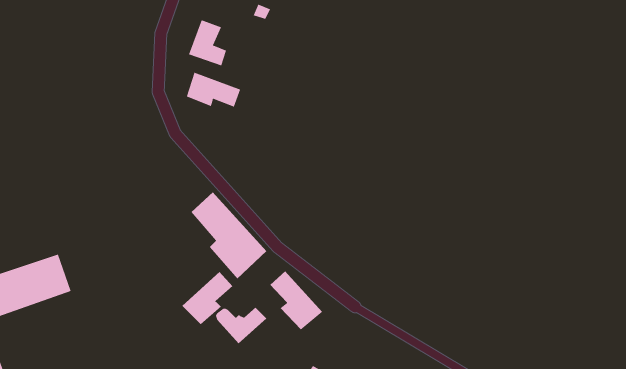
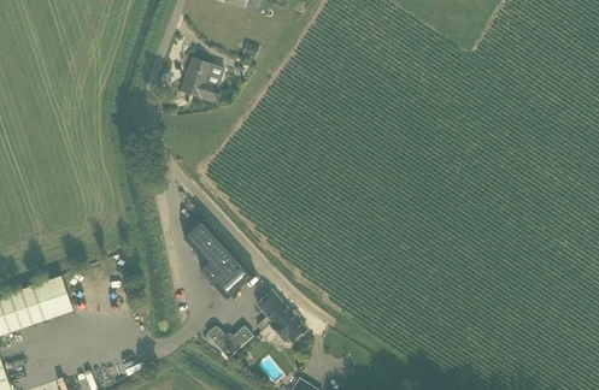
building: [186,72,241,107] -> none
building: [181,271,233,325] -> none

